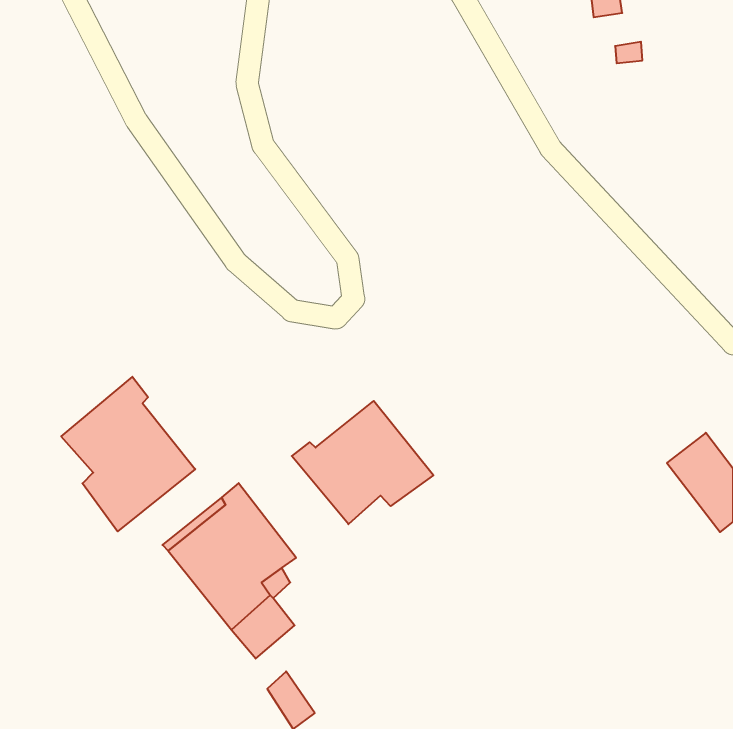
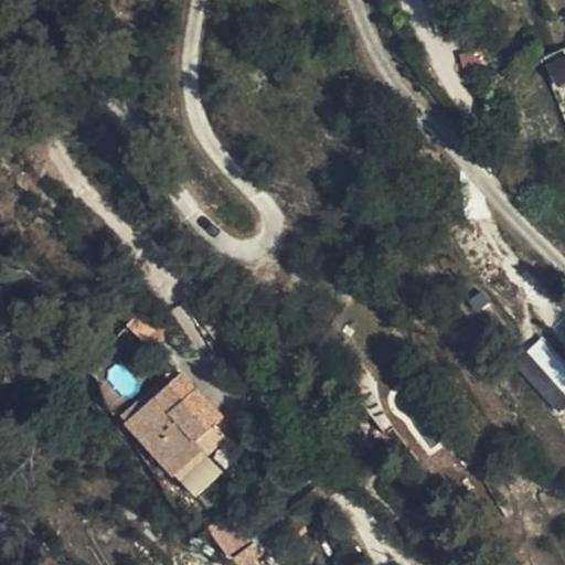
building: [61,377,195,531] -> none
building: [292,401,433,524] -> none

